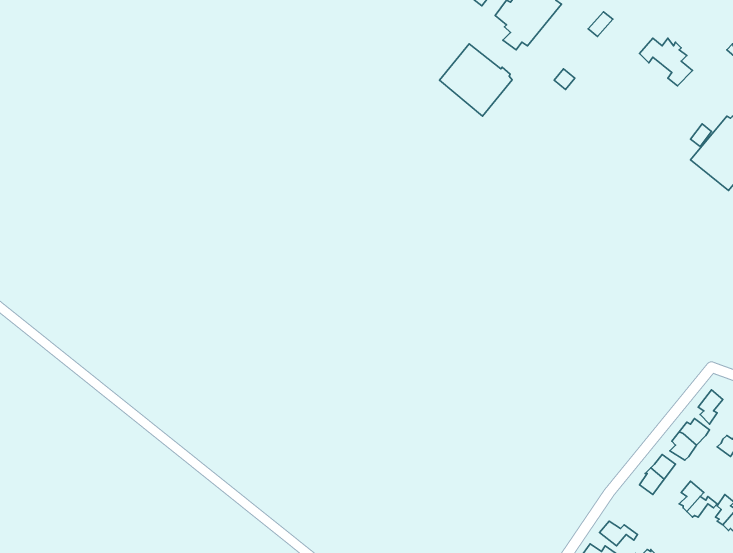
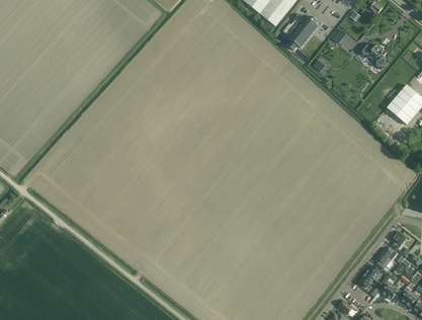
building: [439,44,512,116] -> none

